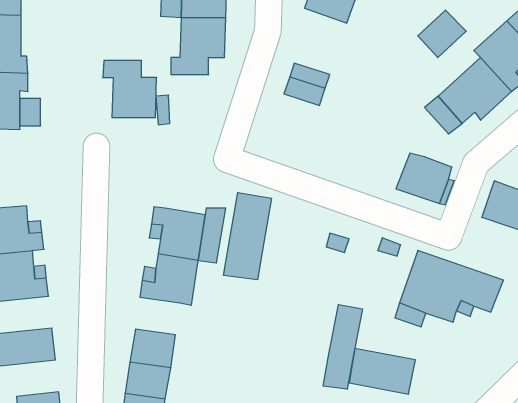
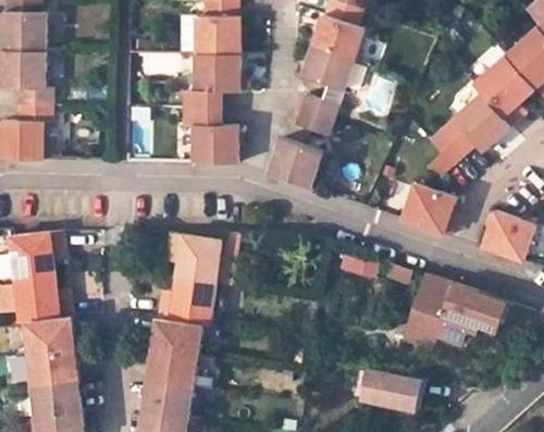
building: none -> [302,45,354,90]
building: [418,10,466,58] -> none
building: [103,61,157,118] -> [185,108,236,162]
building: none -> [269,139,322,187]
building: [224,192,272,280] -> none
building: none -> [29,319,73,354]
building: none -> [152,320,195,356]
building: [323,304,362,389] -> none
building: none -> [36,380,79,415]

